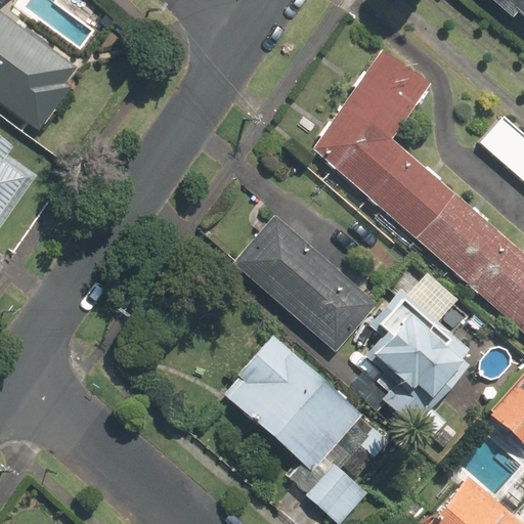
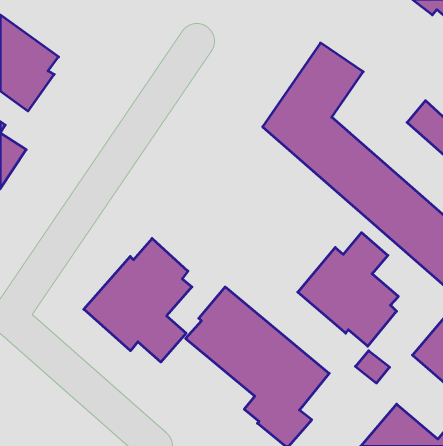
building: [233,212,381,353] -> none
building: none -> [84,238,192,362]

